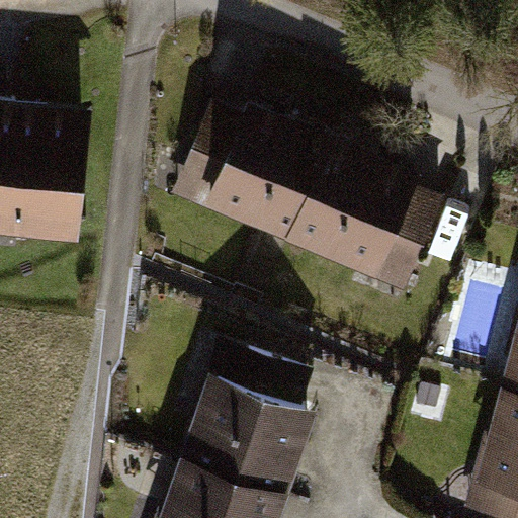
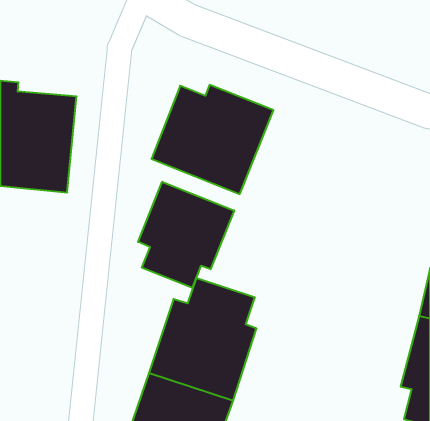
building: [288,143,439,290] -> none
building: none -> [138,182,234,288]

